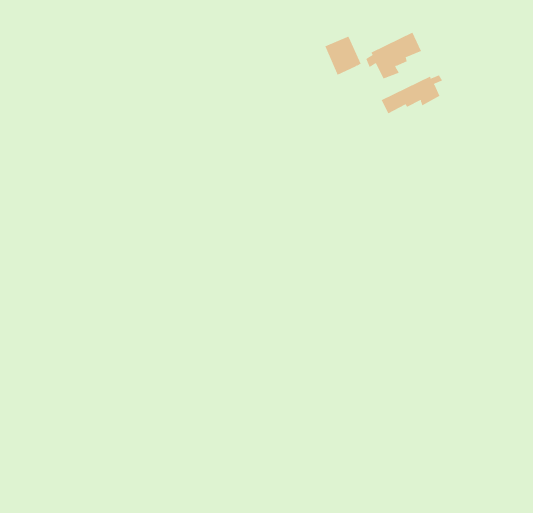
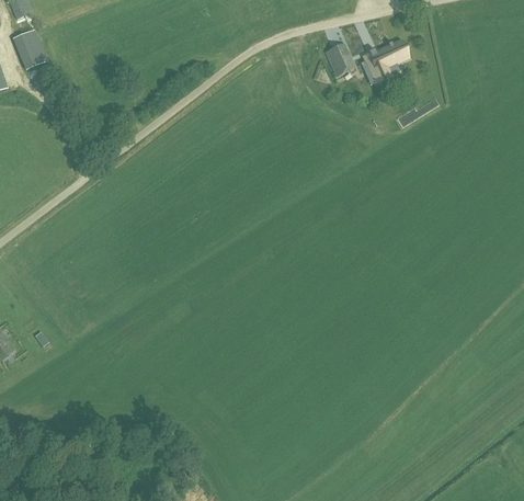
building: [381,75,443,114] -> none

